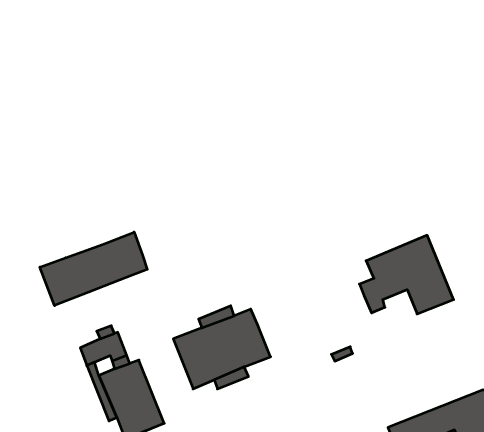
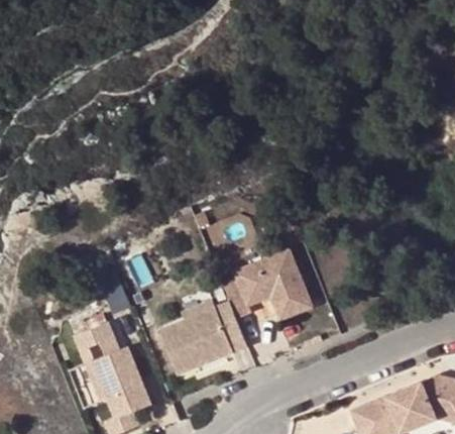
building: [40,232,147,306] -> none
building: [359,235,454,314] -> [225,246,311,318]

